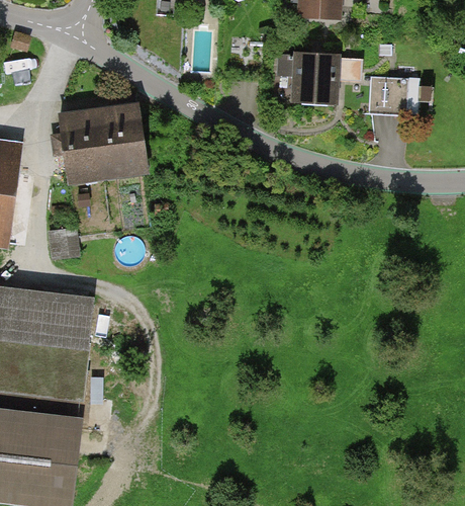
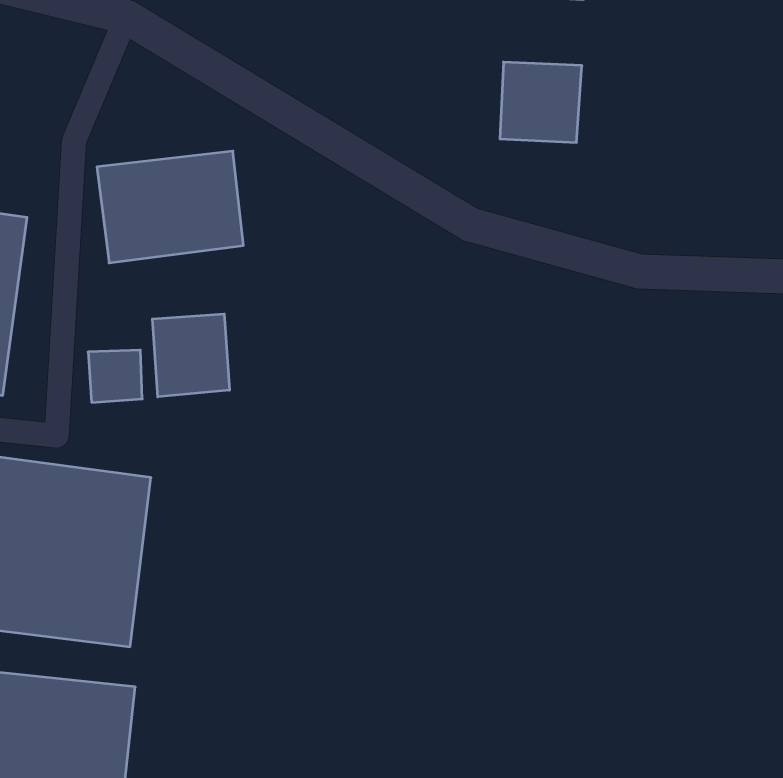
building: [375,76,412,112] -> none
building: none -> [152,314,229,397]

